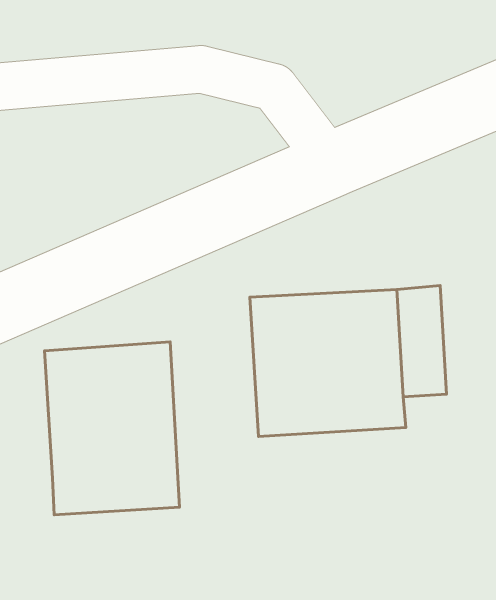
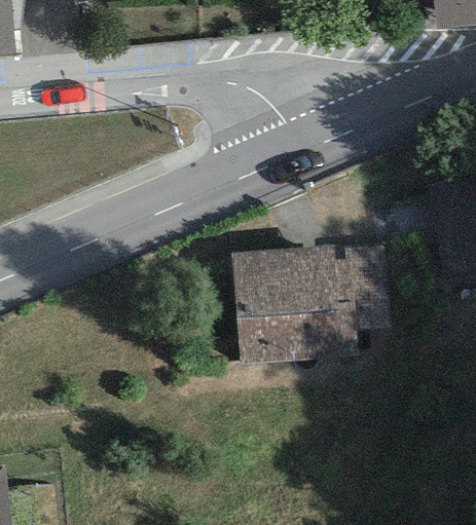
building: [45,342,180,515] -> none

